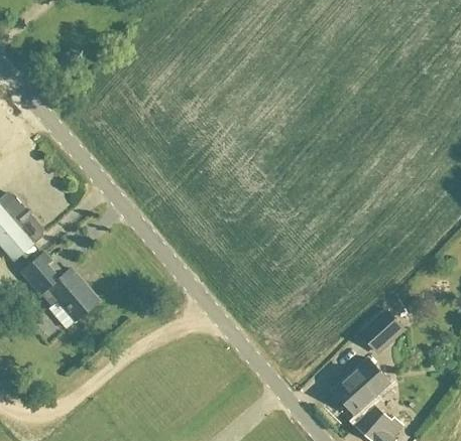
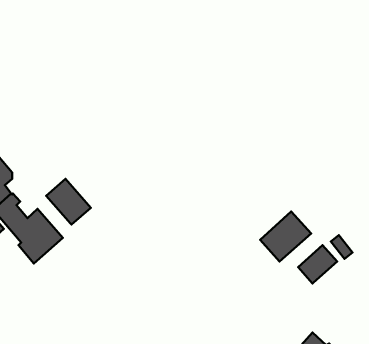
building: none -> [46,179,91,225]
building: [334,359,390,415] -> [260,212,311,262]

